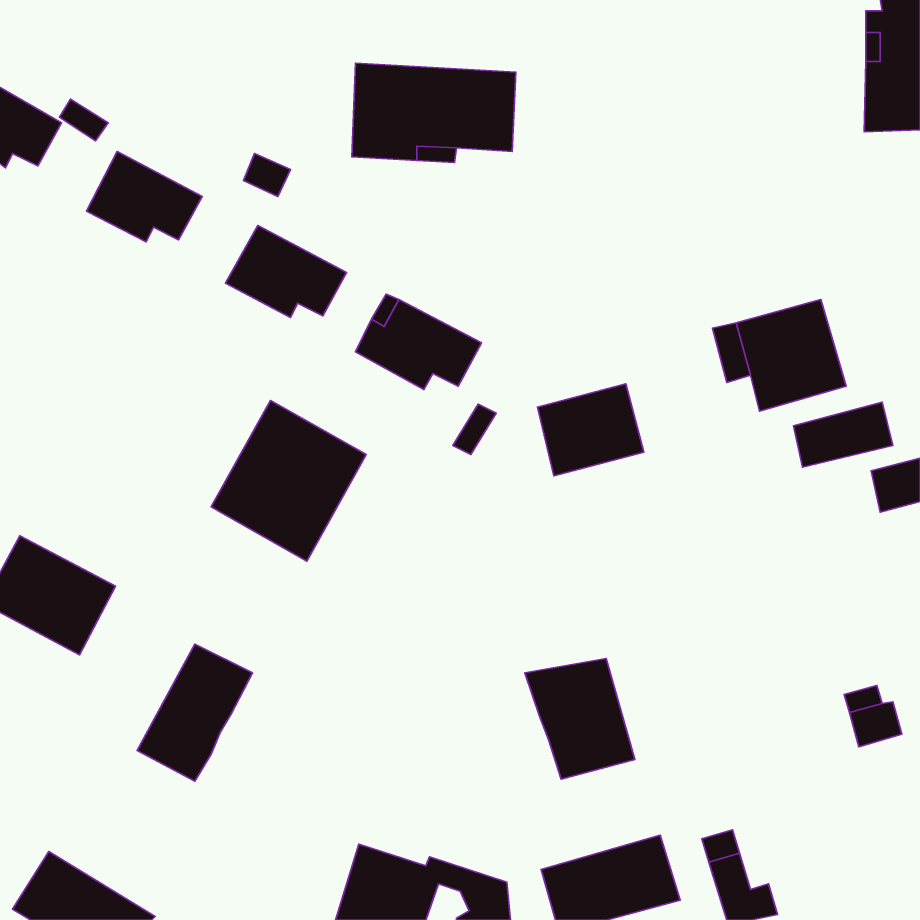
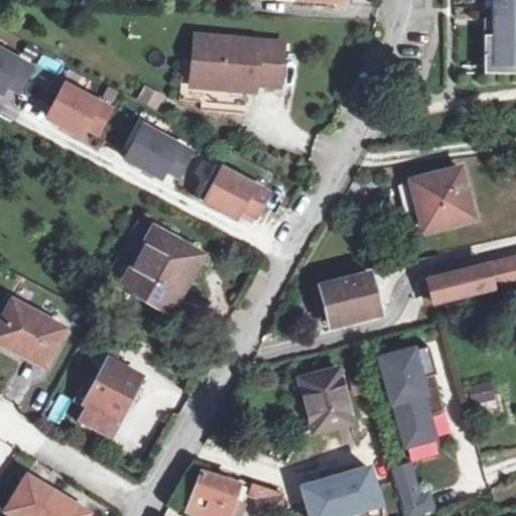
building: [537,384,644,476] -> [320,272,380,324]
building: [794,402,893,467] -> [427,265,483,301]
building: none -> [381,346,445,445]

